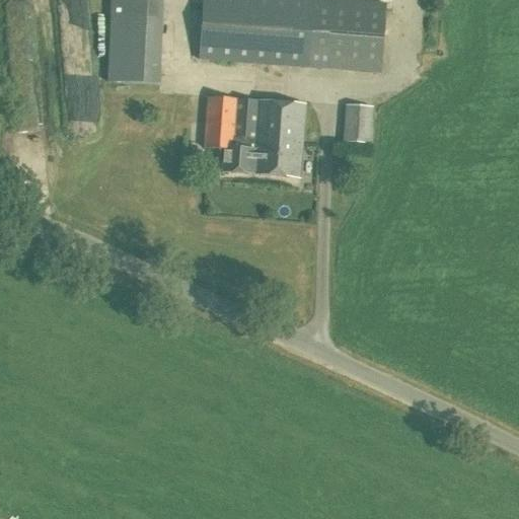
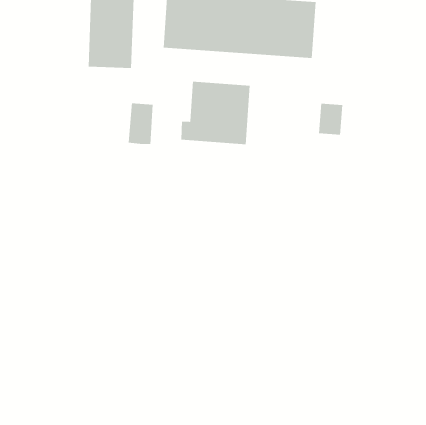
building: [203,96,234,147] -> [128,103,154,145]
building: [343,103,373,142] -> [318,103,343,135]

